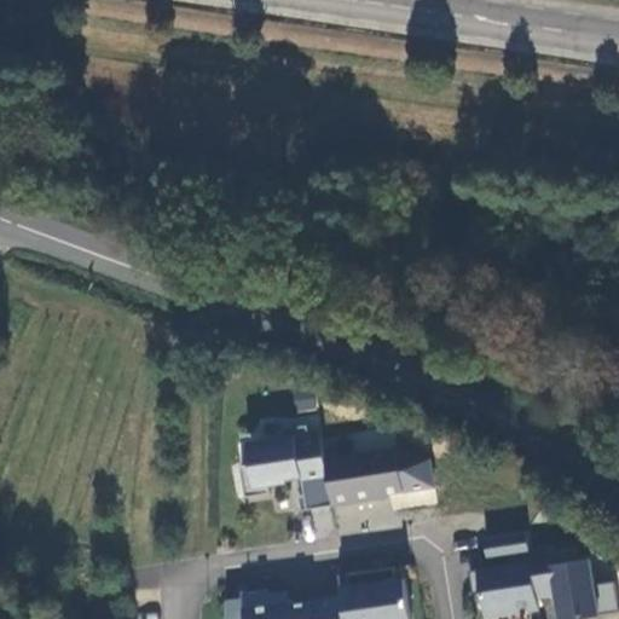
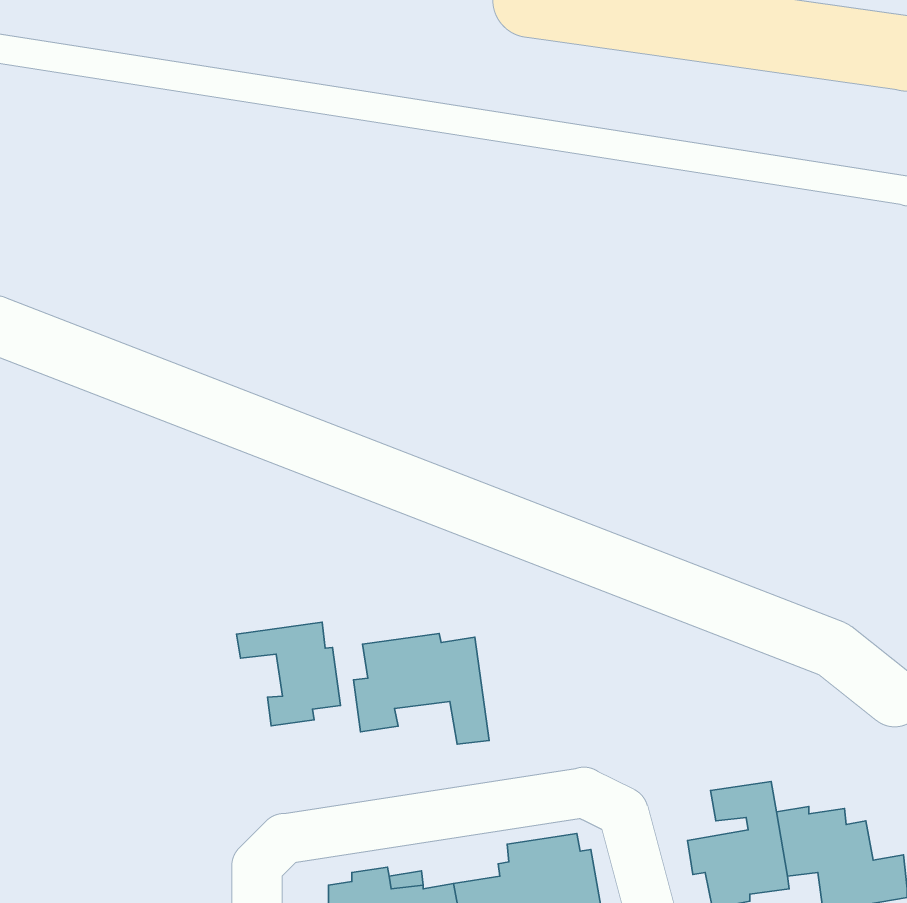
building: none -> [237,622,341,726]
building: [325,449,435,508] -> none

